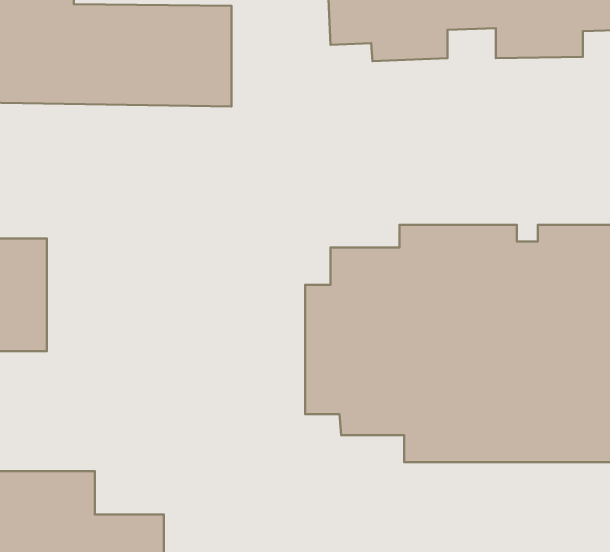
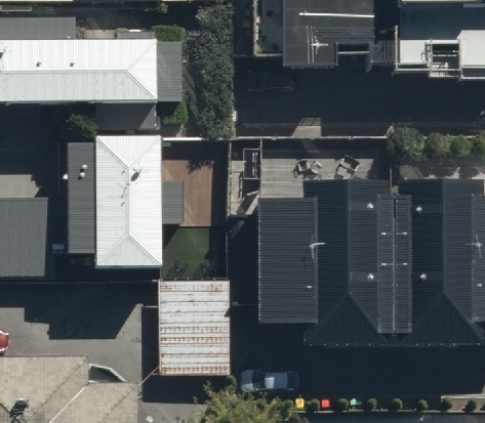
building: none -> [68,128,162,270]
building: none -> [159,280,228,376]

